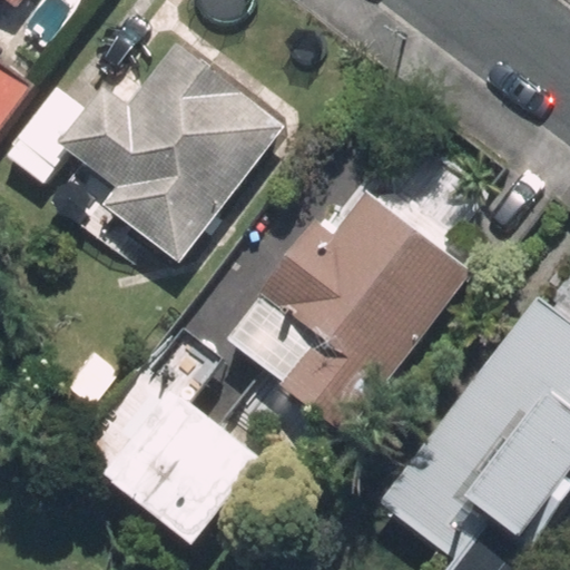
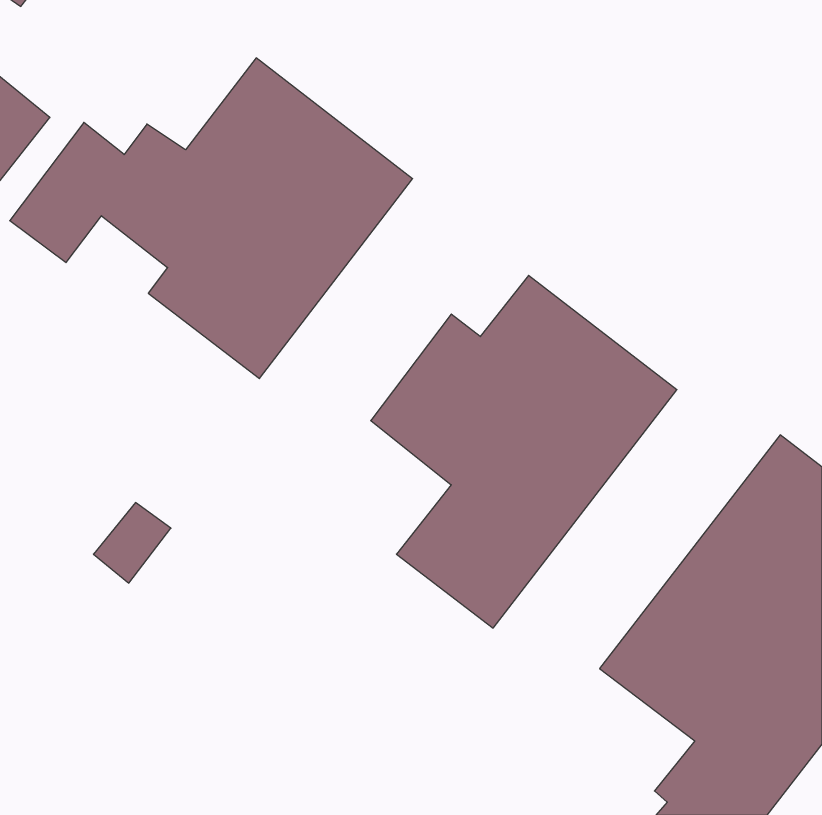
building: [75,330,261,547] -> none

